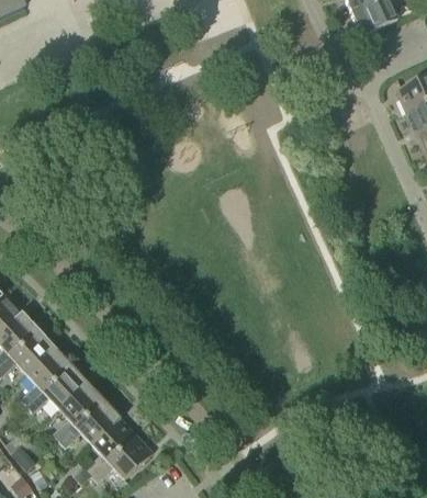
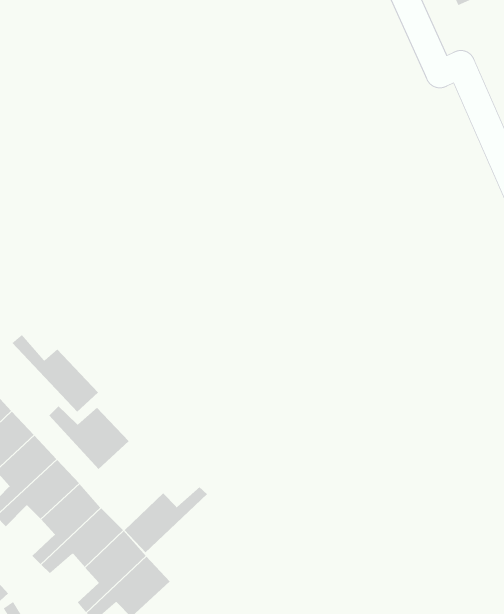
building: none -> [12,334,99,413]
building: none -> [49,405,129,470]
building: none -> [124,486,208,553]

